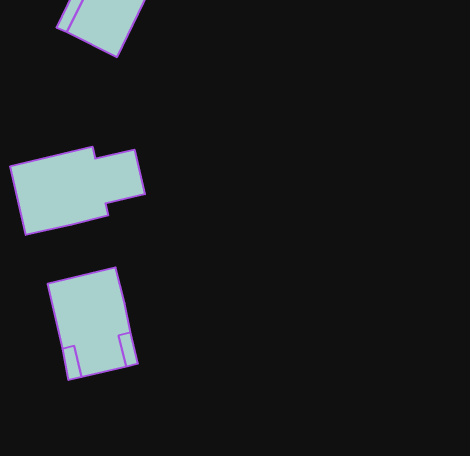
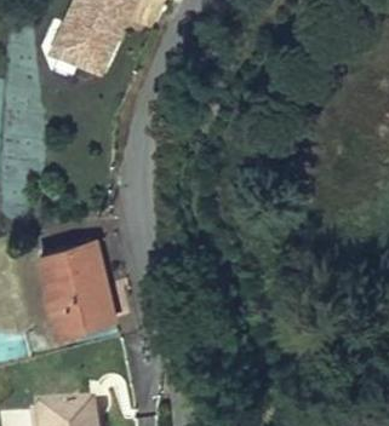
building: [10,147,145,235] -> none

